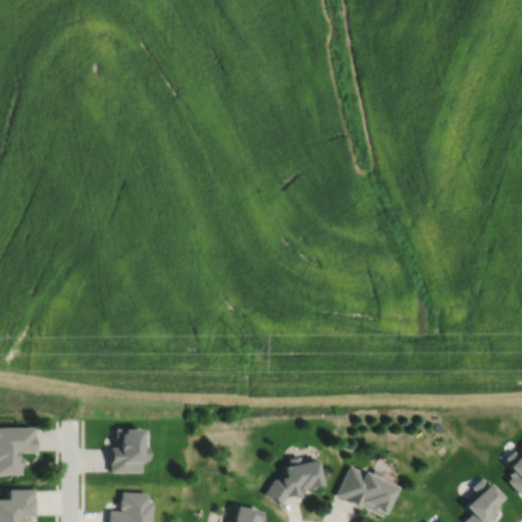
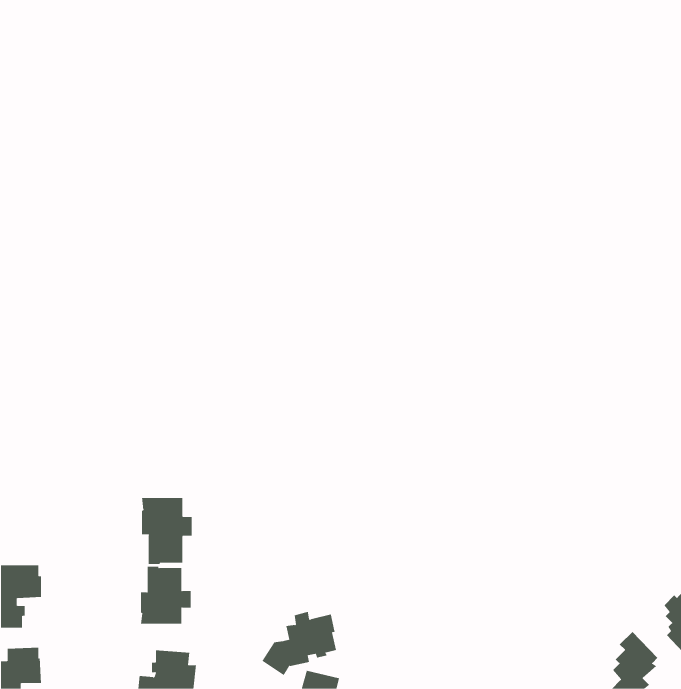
building: none -> [142,497,192,565]
building: [267,456,324,505] -> [261,611,337,676]
building: [340,466,400,517] -> none

